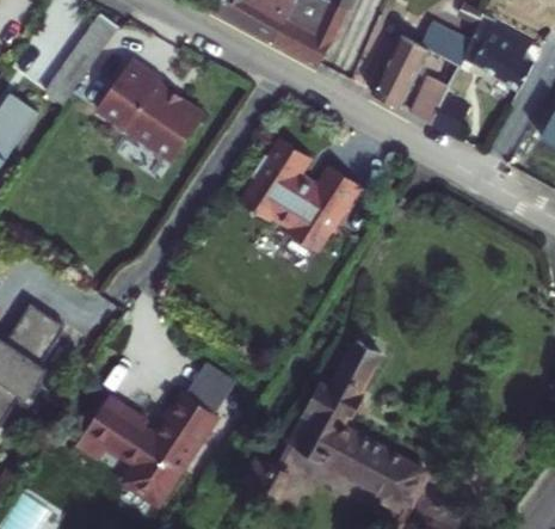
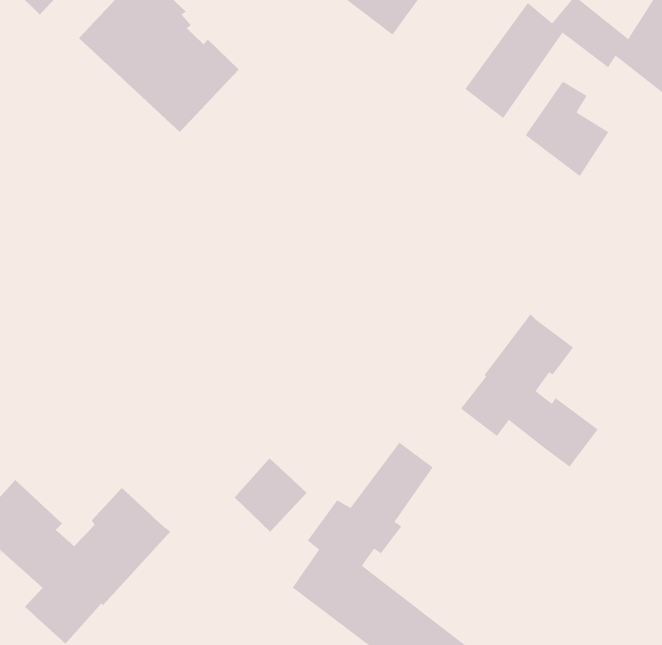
building: [241,139,360,251] -> none
building: none -> [460,313,598,467]
building: [184,368,232,417] -> [234,458,308,533]

